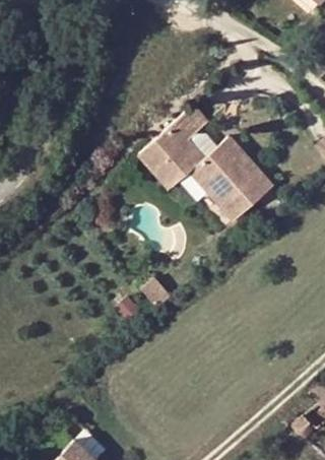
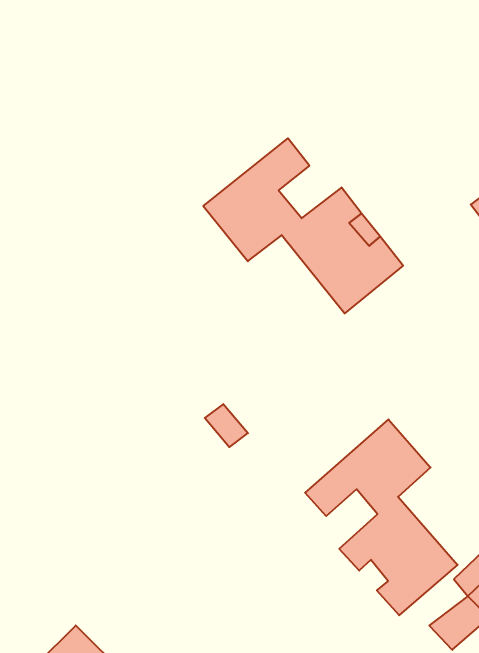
building: none -> [305,419,458,615]

